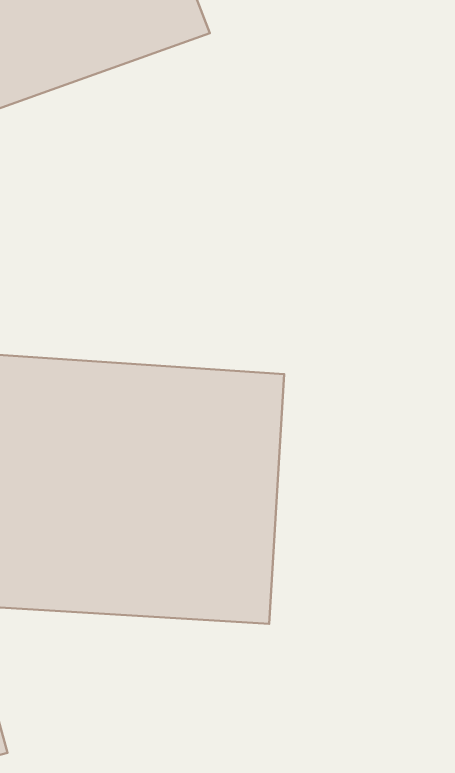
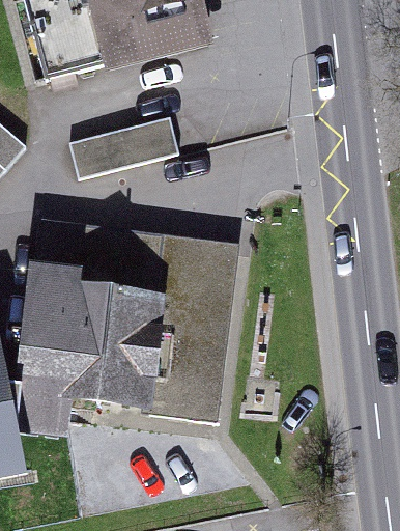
building: none -> [78,116,189,180]

